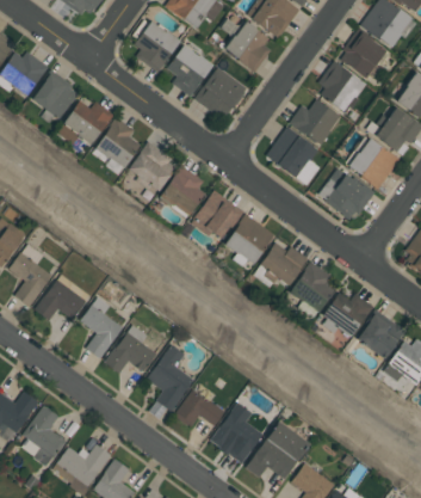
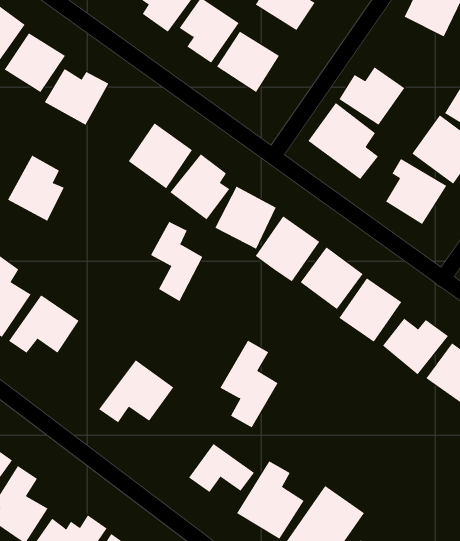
building: [314,61,365,111] -> none
building: [94,117,138,168] -> [7,155,64,222]
building: [80,297,120,359] -> [150,221,203,302]
building: [147,344,192,412] -> [219,340,278,428]

